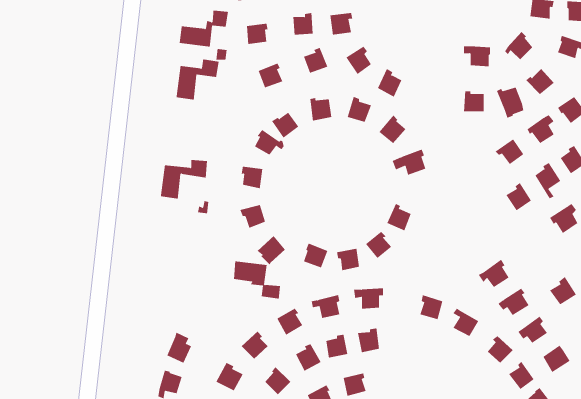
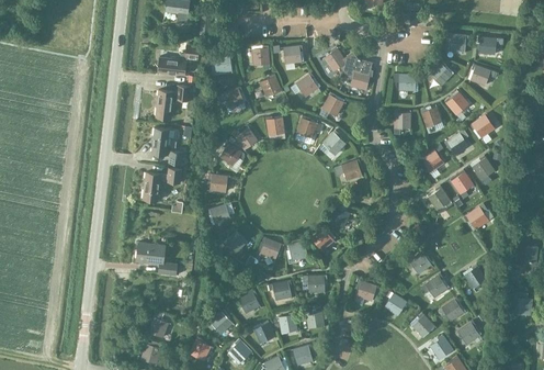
building: none -> [324,48,372,90]
building: none -> [150,127,182,164]
building: [233,261,281,299] -> [136,242,175,273]

